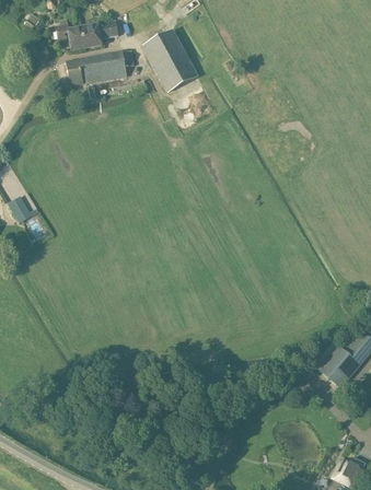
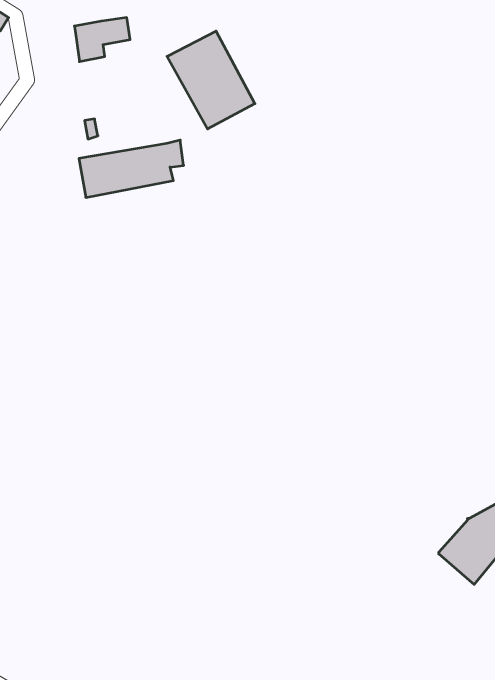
building: [56,22,84,51] -> none
building: [66,49,134,86] -> [79,140,184,197]

